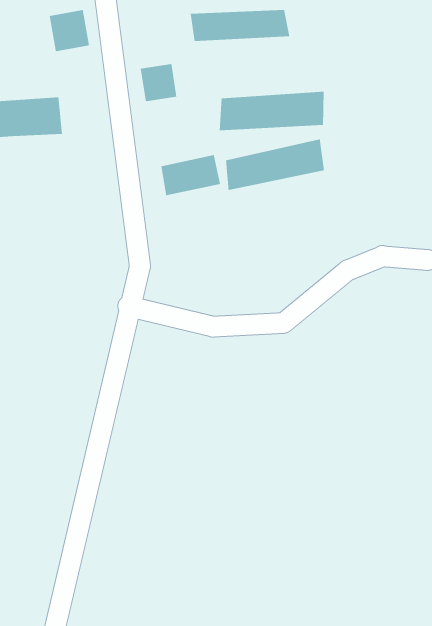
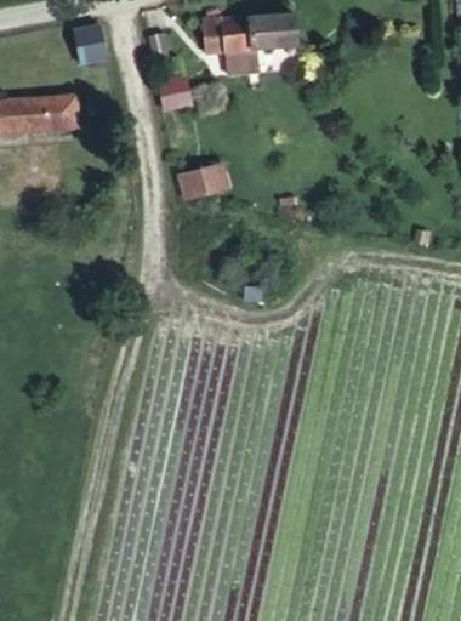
building: [219,91,324,131] -> none
building: [226,139,325,191] -> none

